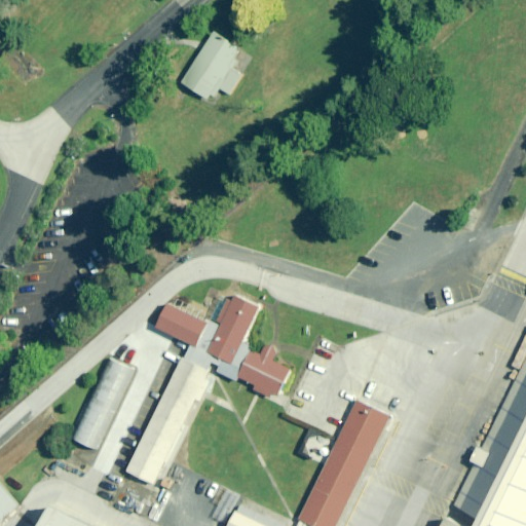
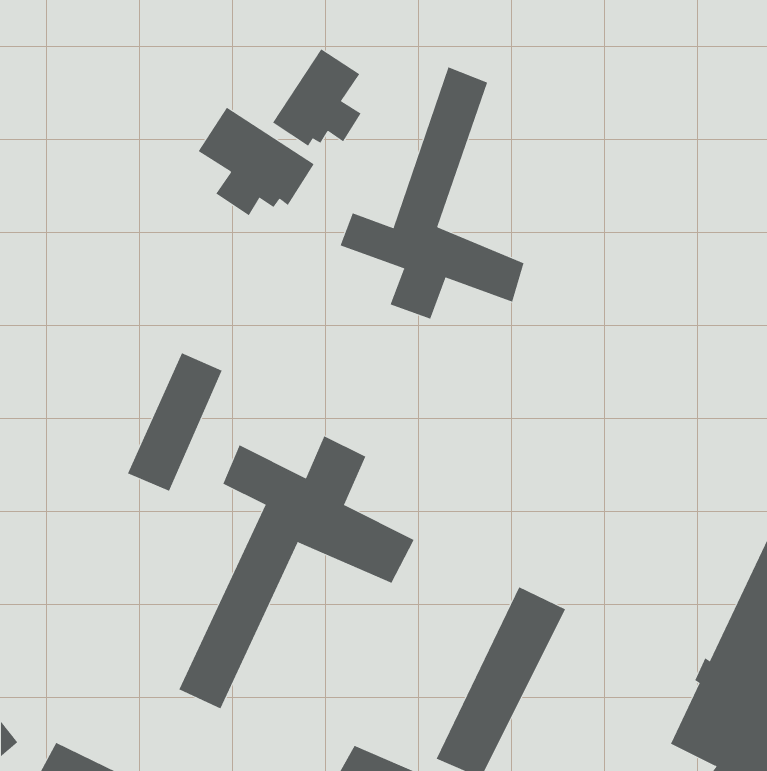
building: none -> [340,66,524,320]
building: none -> [198,107,315,216]
building: [72,359,137,453] -> [127,352,222,492]

